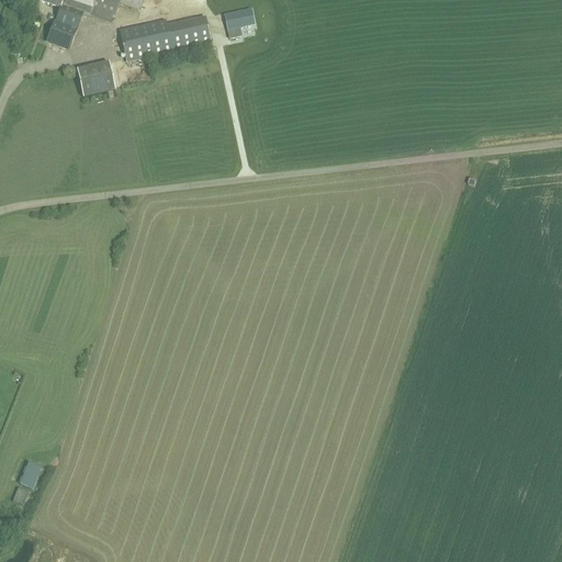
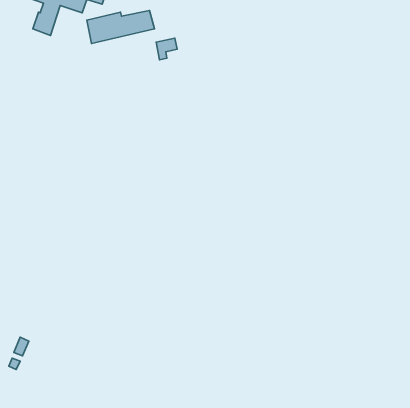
building: [224,7,252,36] -> [156,38,177,60]
building: [79,56,114,91] -> none

